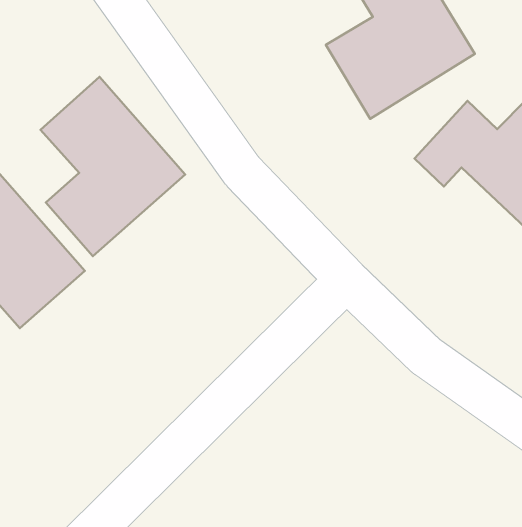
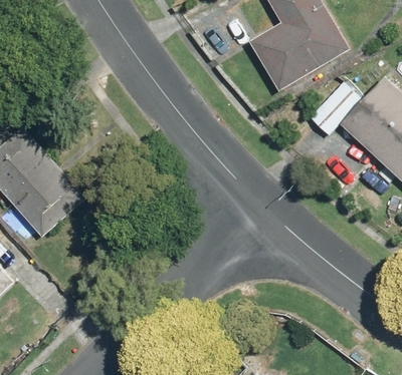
building: [40,77,185,256] -> none

